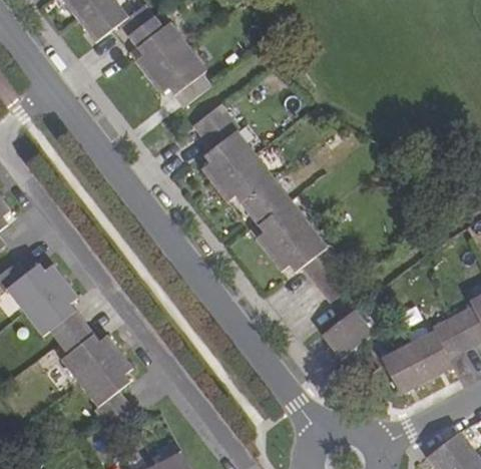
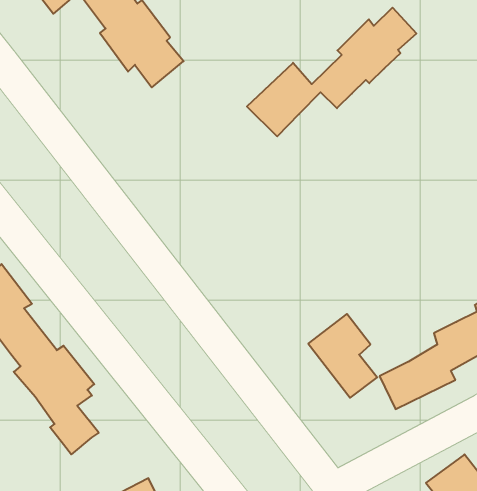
building: none -> [247,8,416,136]
building: [193,102,359,302] -> none

